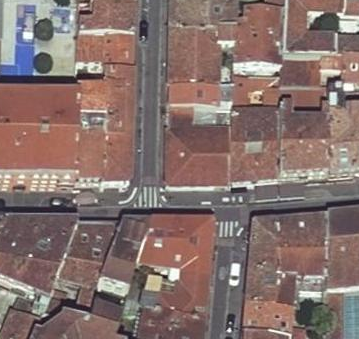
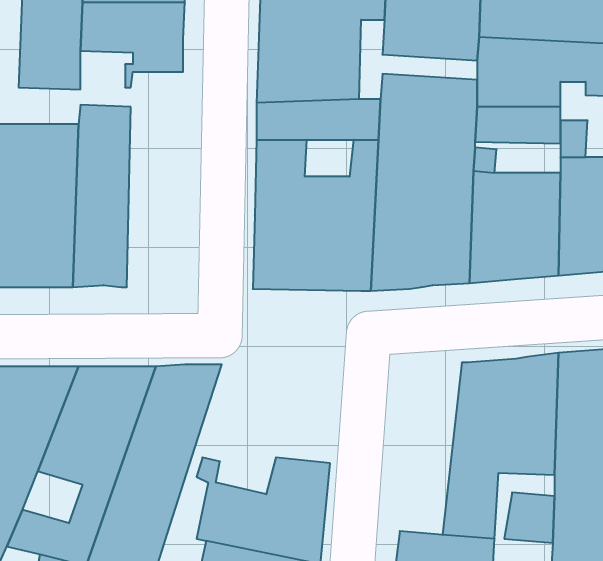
building: [103,68,132,179] -> none
building: [244,218,276,307] -> none
building: [138,219,212,270] -> none

